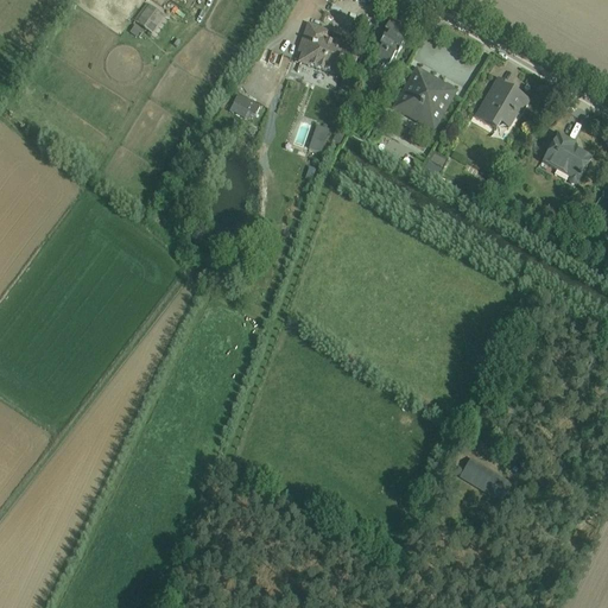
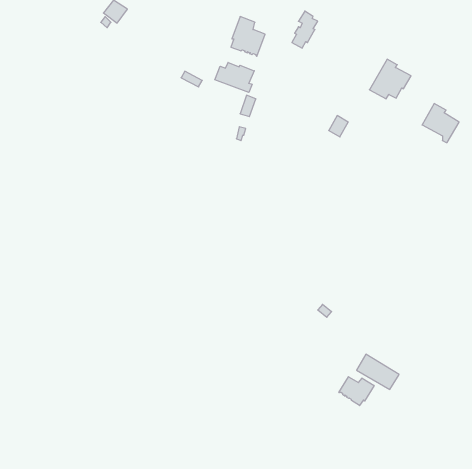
building: [392,64,457,129] -> none
building: none -> [215,62,254,92]
building: none -> [339,377,374,406]

